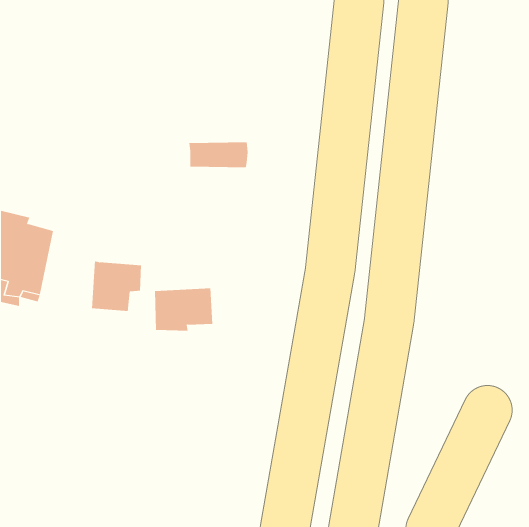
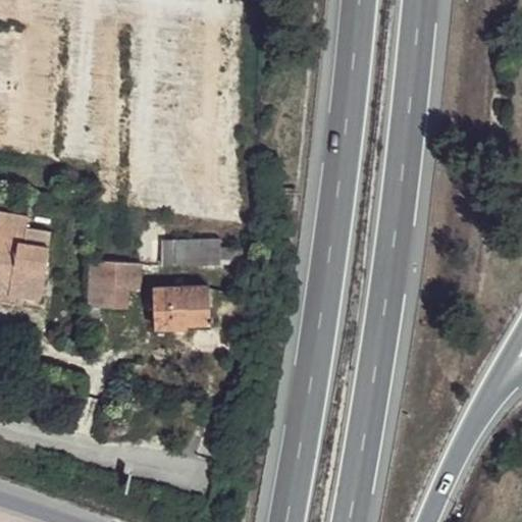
building: [188,142,248,168] -> [160,240,219,265]

